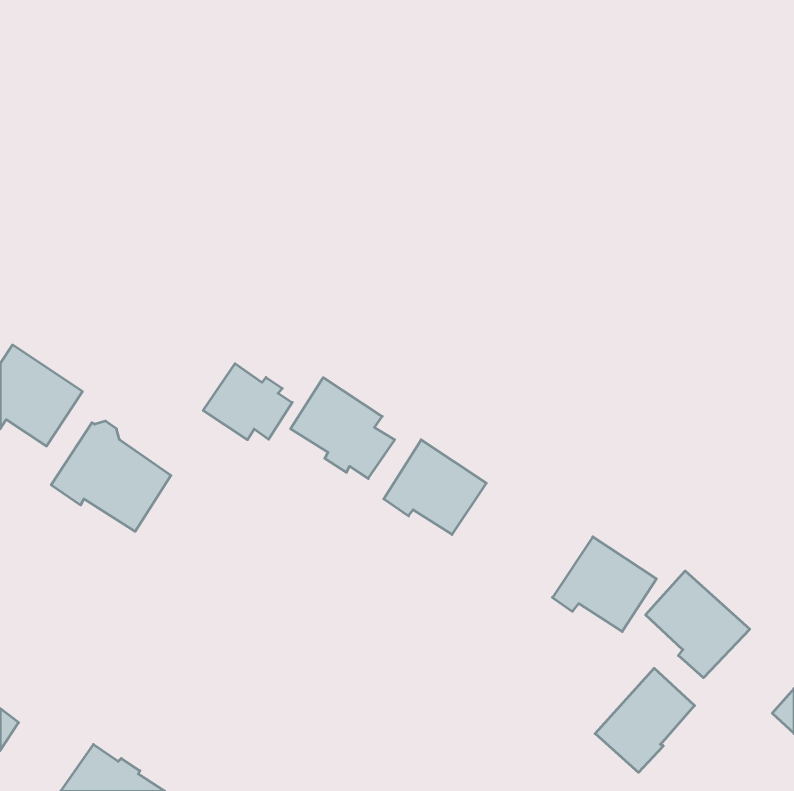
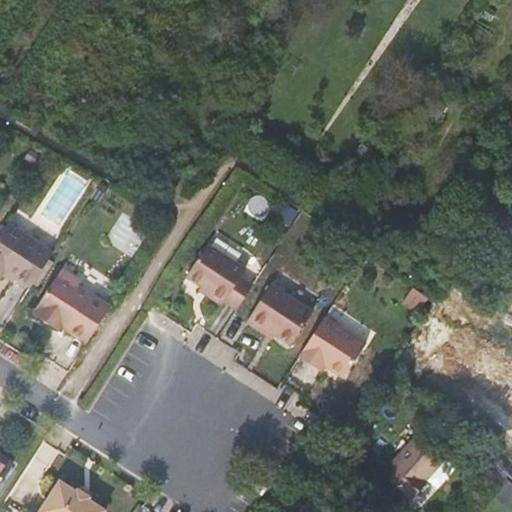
building: [203,364,292,440] -> none
building: [552,537,656,632] -> [299,316,366,377]
building: [646,571,750,678] -> none

